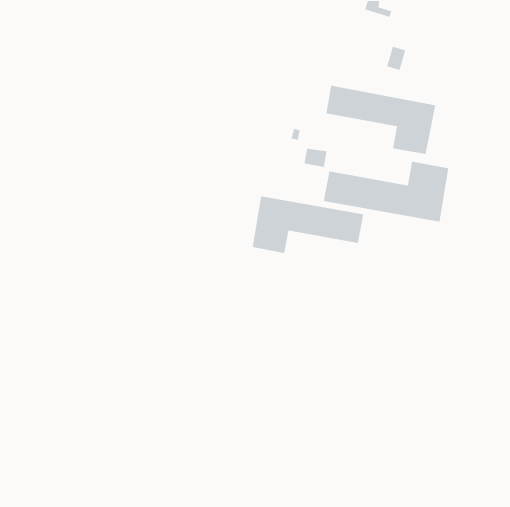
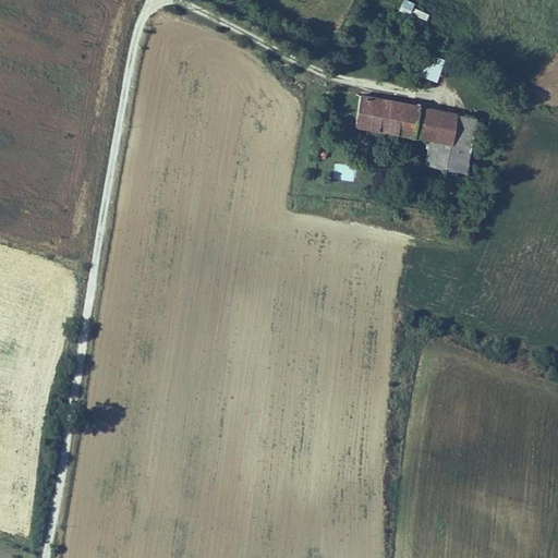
building: [323,161,449,222] -> none
building: [252,195,364,254] -> none

